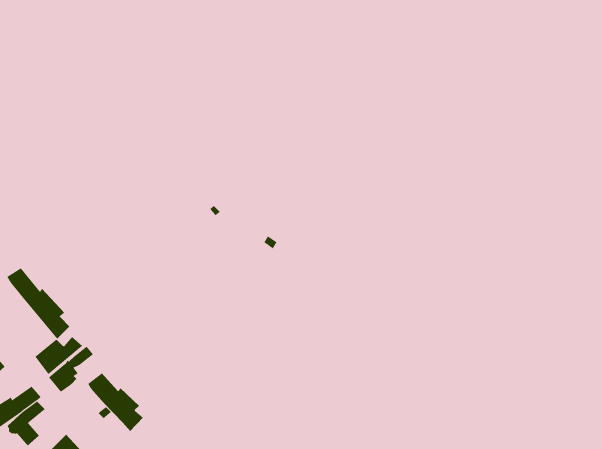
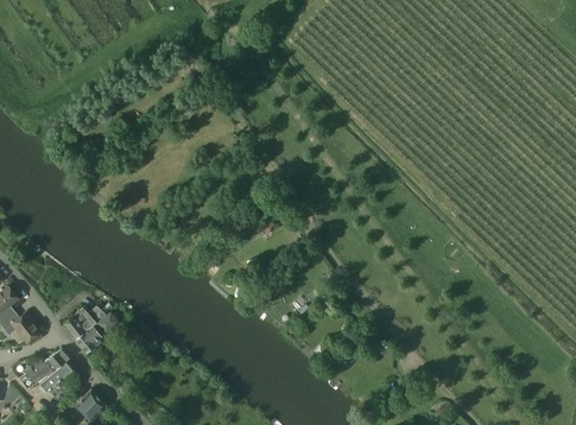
building: [7,267,70,339] -> none
building: [88,372,144,432] -> none

